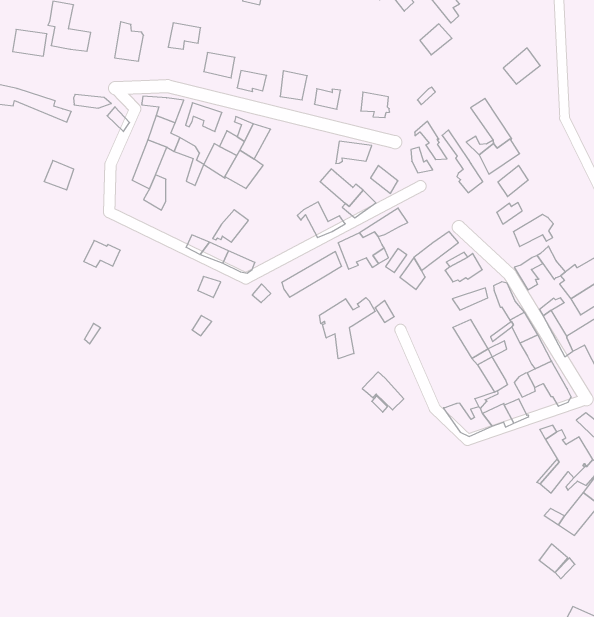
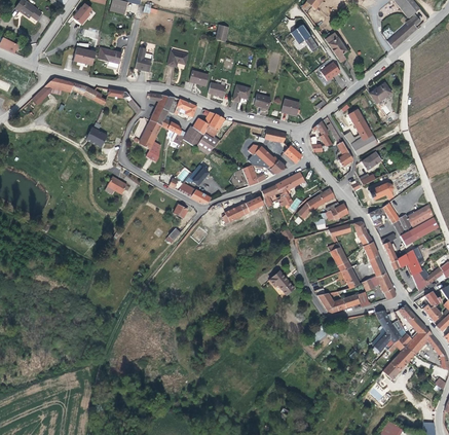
building: [319,298,375,359] -> none

